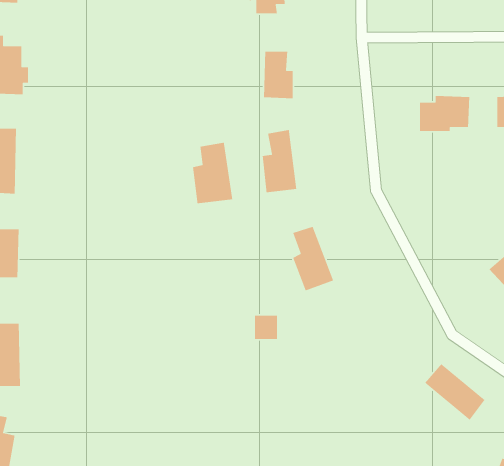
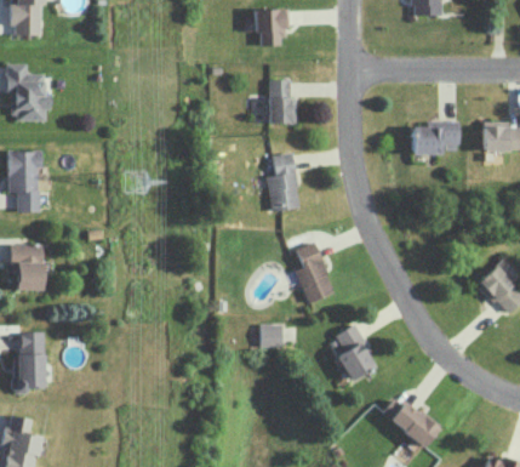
building: [192,142,233,204] -> none
building: none -> [335,324,376,380]
building: [424,363,486,421] -> [381,394,438,448]

